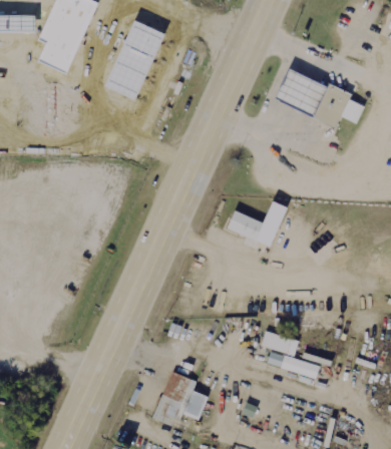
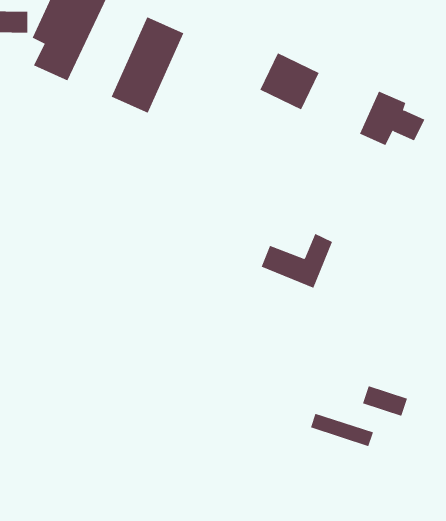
building: [272,67,322,115] -> [259,53,319,110]
building: [263,331,301,357] -> [362,385,408,417]
building: [154,372,210,426] -> none

